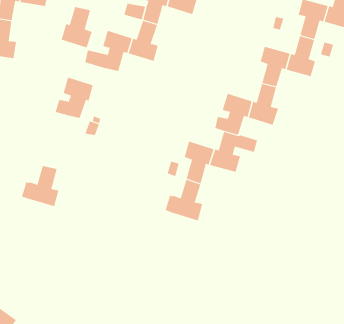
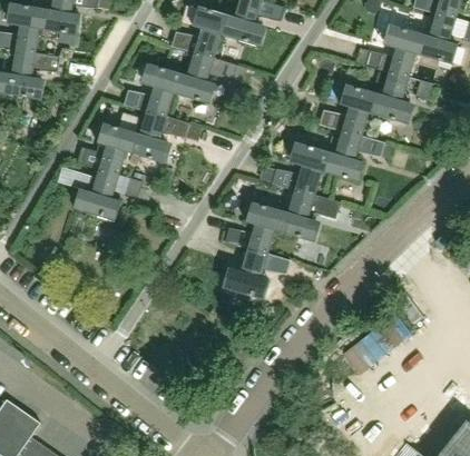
building: [61,7,93,48] -> [129,110,168,161]
building: [21,165,59,207] -> [74,168,120,219]

